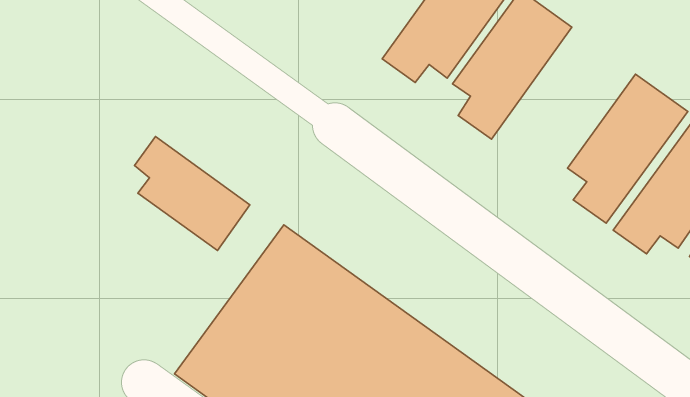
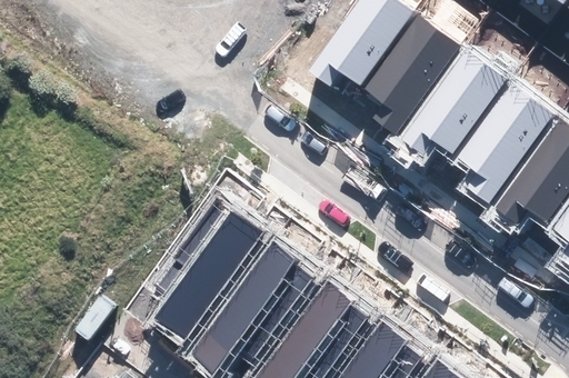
building: none -> [401,48,508,158]
building: [134,137,250,250] -> none

